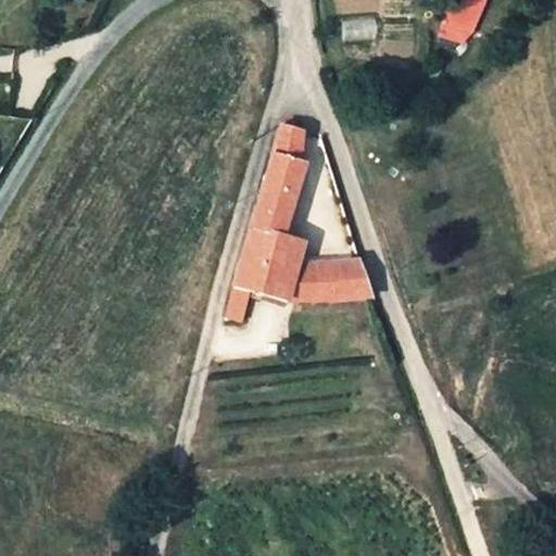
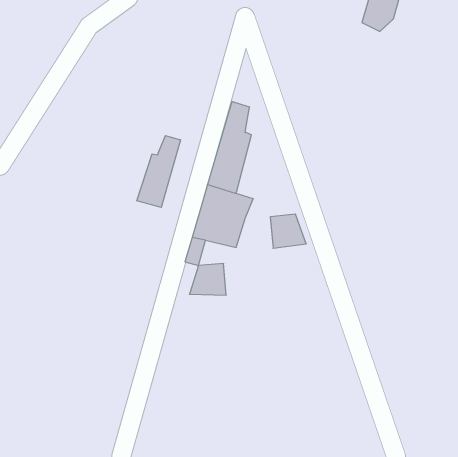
building: none -> [137,136,181,207]
building: [287,262,331,300] -> [189,264,226,295]

